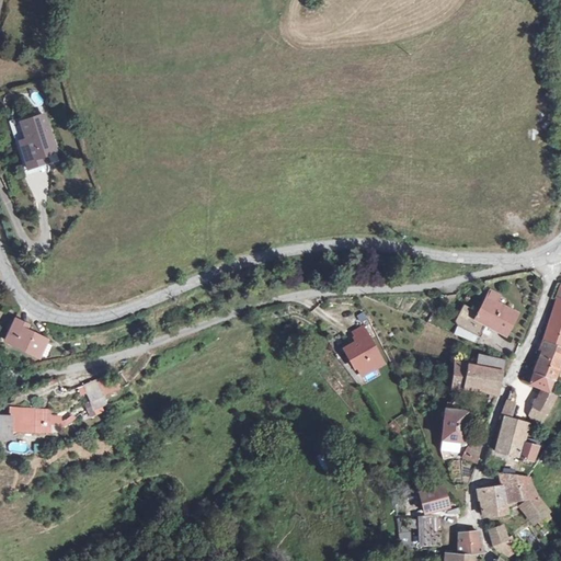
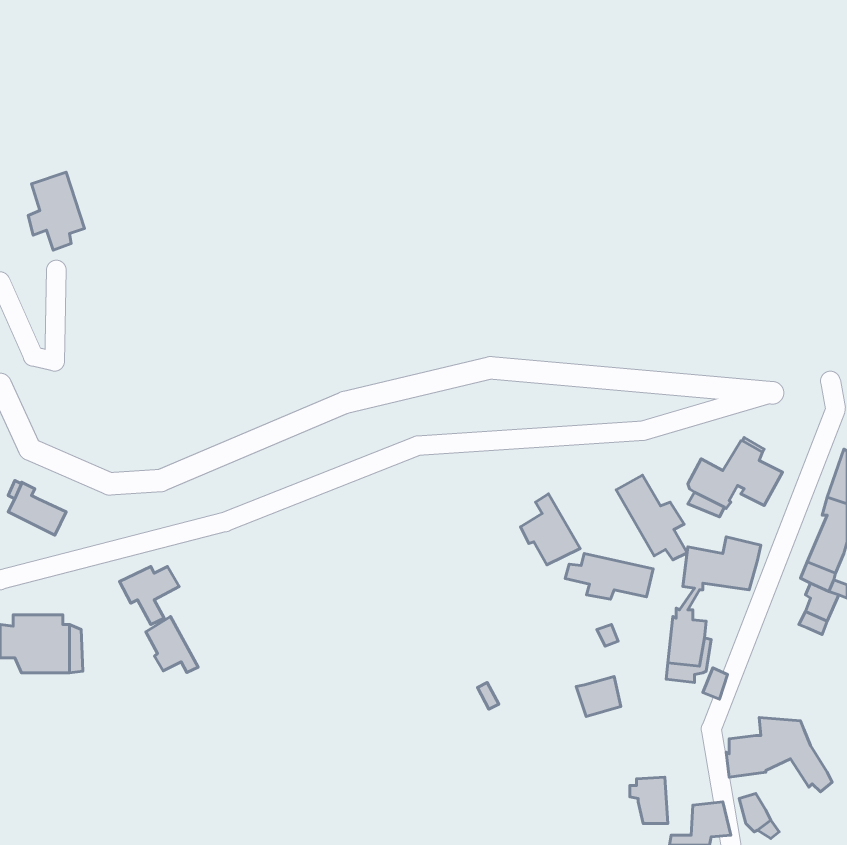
building: none -> [616,475,687,560]
building: none -> [565,553,653,599]
building: [495,401,538,459] -> none
building: none -> [146,616,198,673]
building: [419,485,448,512] -> [576,677,621,716]

